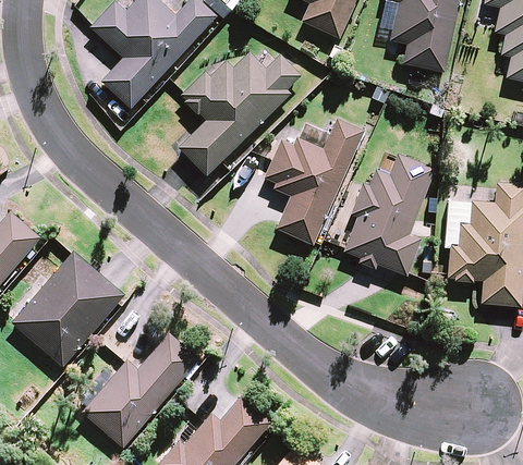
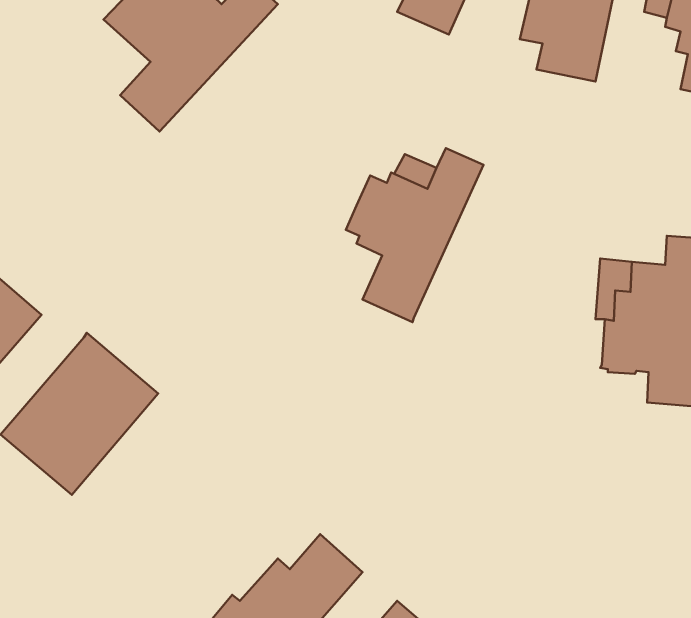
building: [175,51,300,175] -> none
building: [341,152,433,274] -> none
building: [84,333,203,449] -> none

